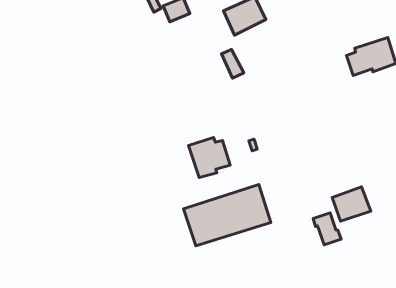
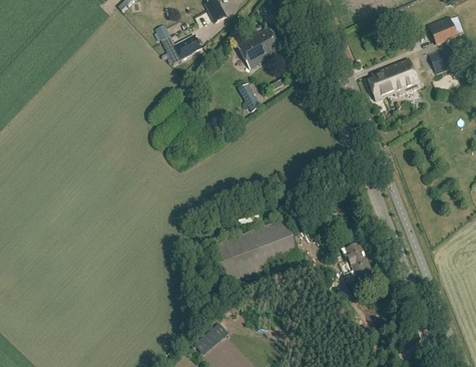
building: [189,138,230,177] -> none
building: [332,187,371,221] -> none

